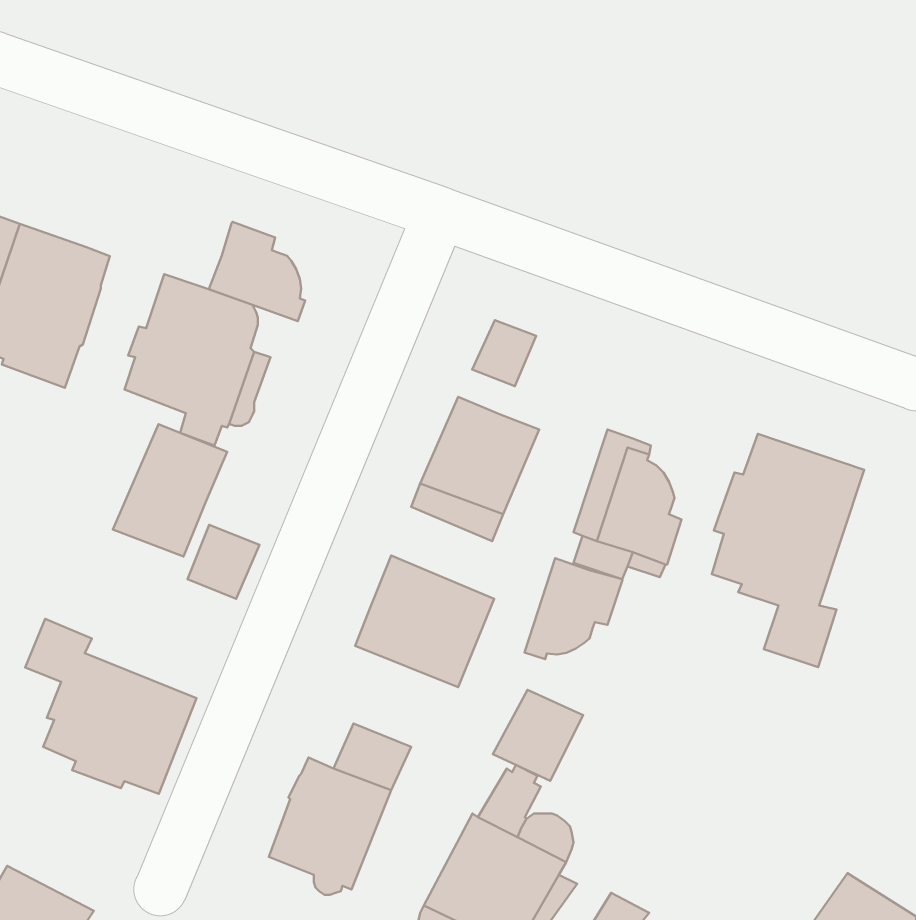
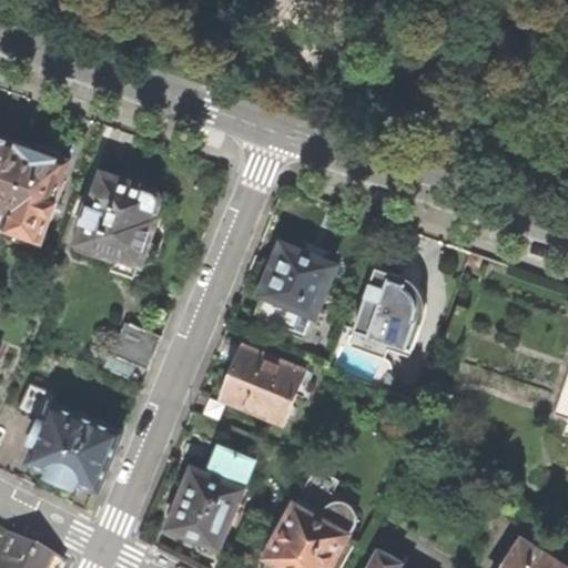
building: [209,222,305,321] -> none
building: [472,320,536,386] -> none
building: [113,424,227,557] -> none
building: [712,434,864,667] -> none
building: [524,558,623,659] -> none
building: [493,690,583,781] -> none

